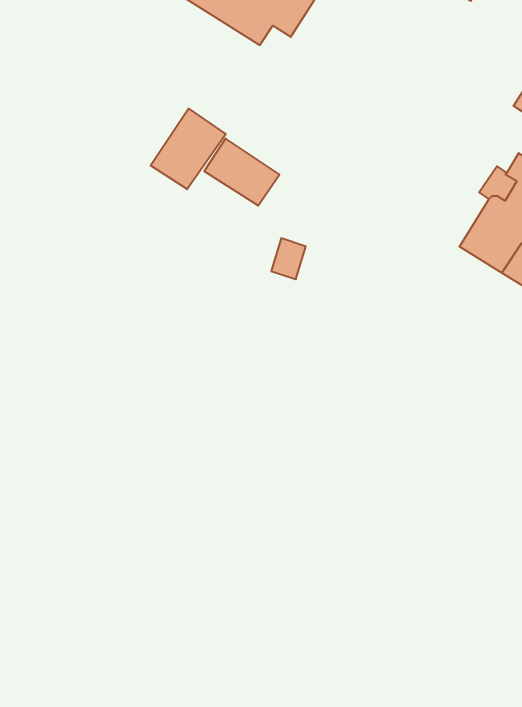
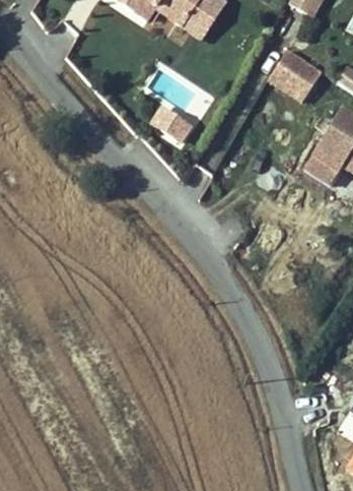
building: none -> [270,47,324,100]
building: [151,109,226,189] -> none

